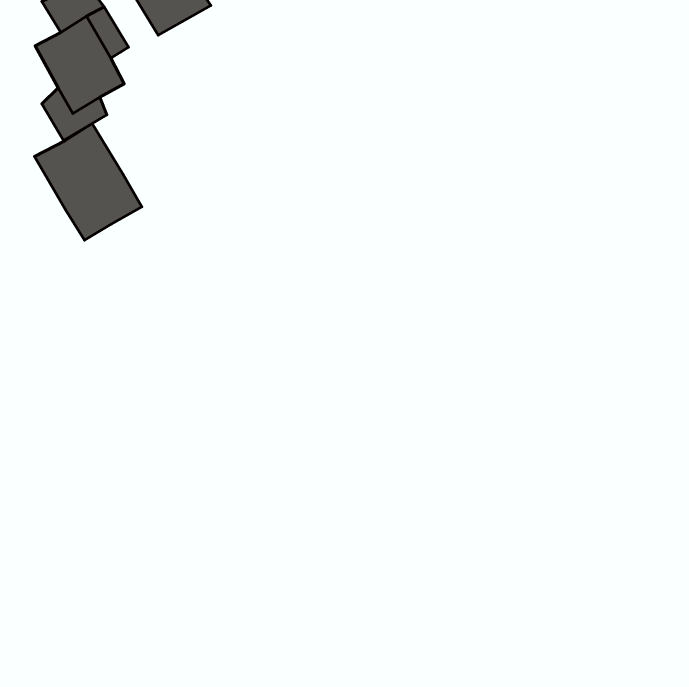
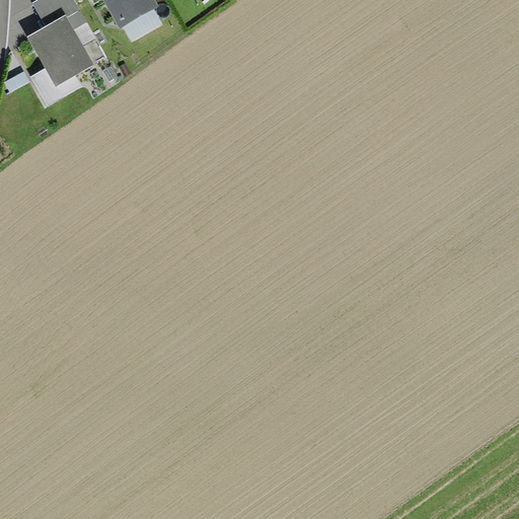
building: [35,123,142,240] -> none

